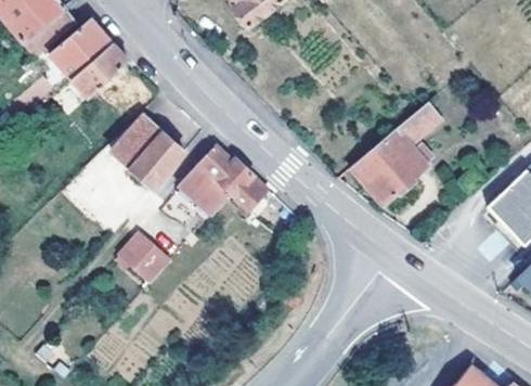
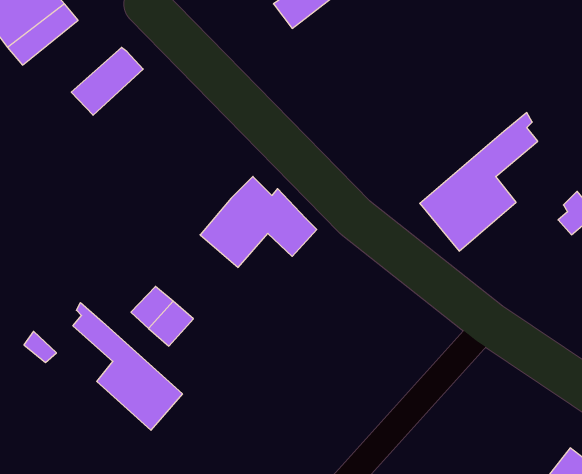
building: [49,16,112,77] -> none
building: [111,115,184,188] -> none
building: none -> [73,303,182,430]

